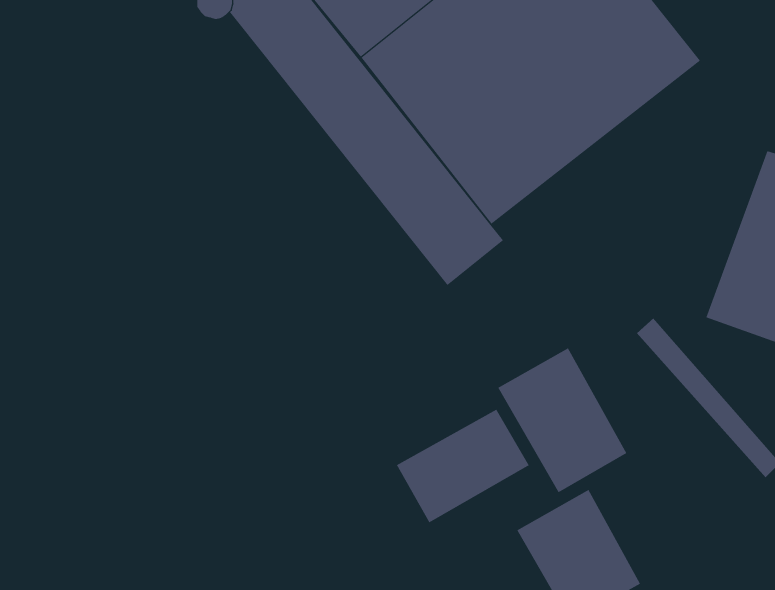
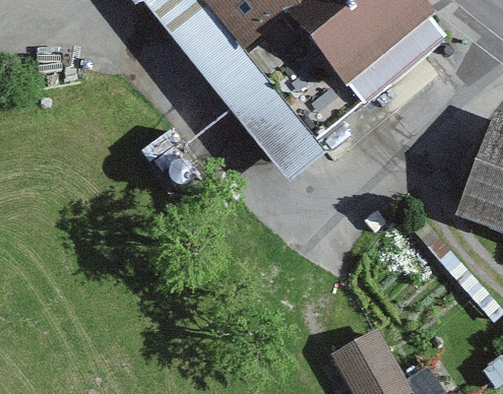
building: [497,348,627,493] -> none
building: [396,409,529,523] -> none

